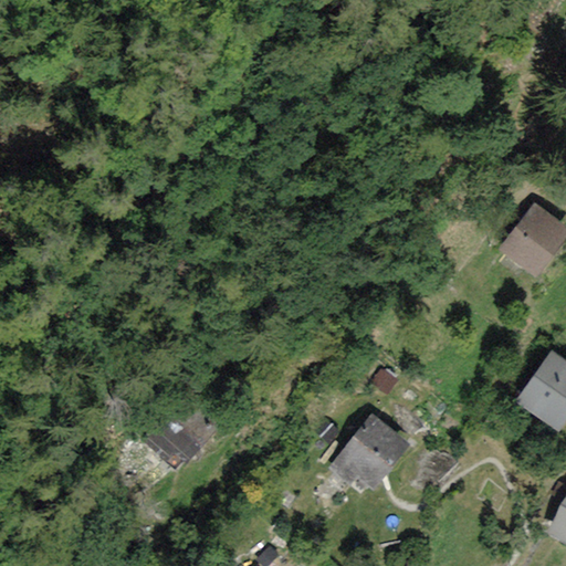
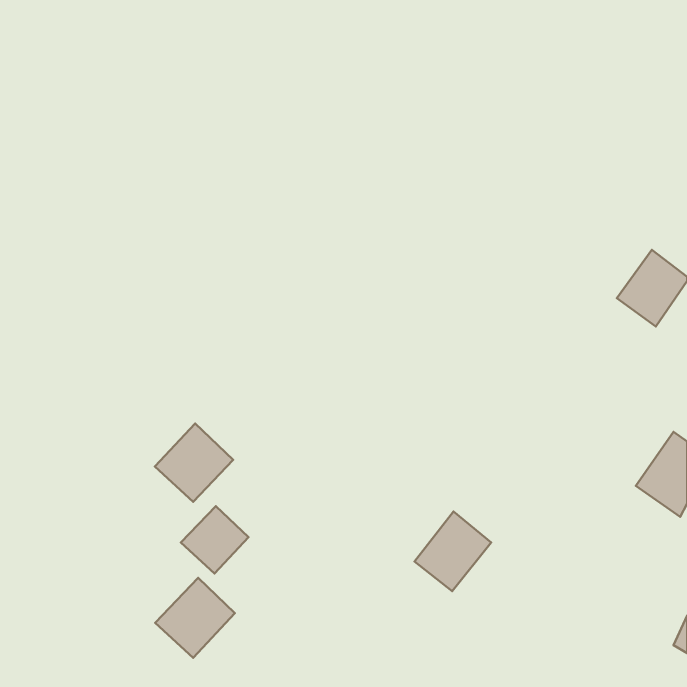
building: none -> [155,423,233,502]
building: none -> [155,578,235,658]

